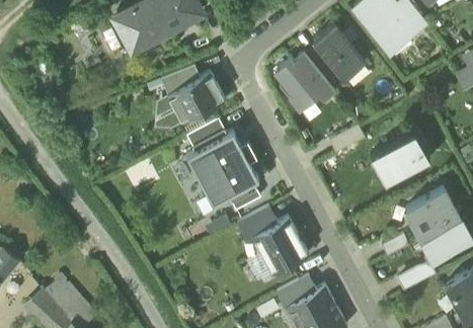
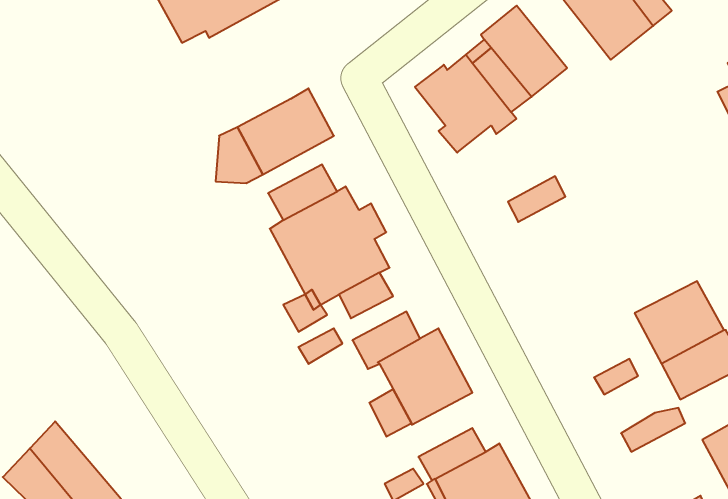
building: [161,68,200,97] -> none
building: [370,133,429,185] -> none

